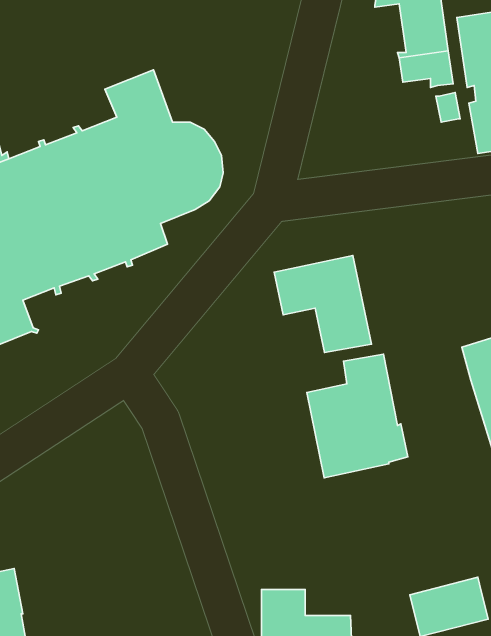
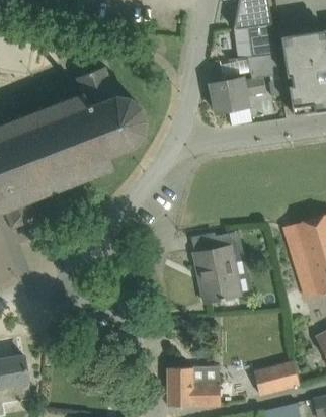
building: none -> [210,77,264,112]
building: [274,256,372,352] -> none

